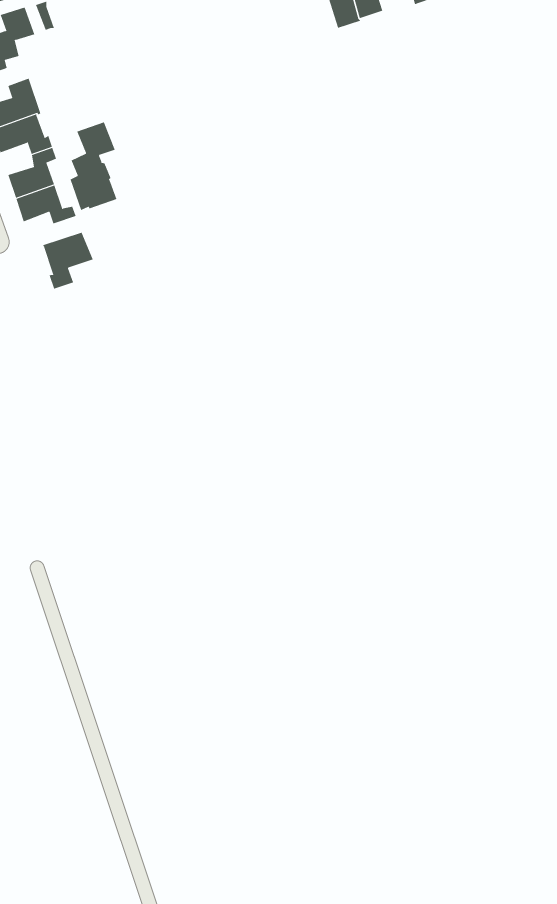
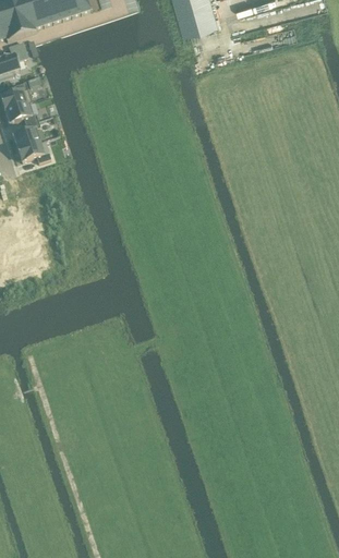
building: [70,122,117,211] -> none
building: [42,232,94,290] -> none

